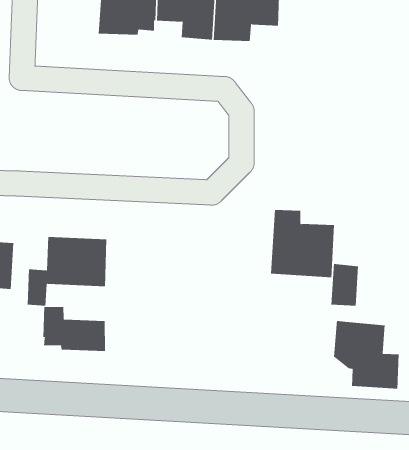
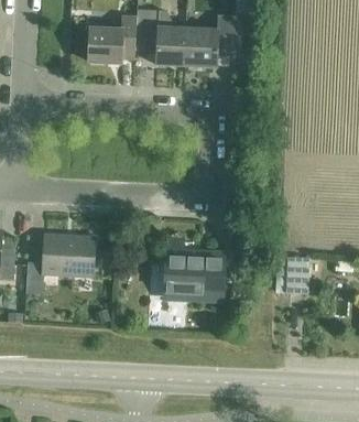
building: [270,209,335,278] -> [166,241,221,300]
building: [43,306,105,352] -> none
building: [334,320,399,389] -> none

